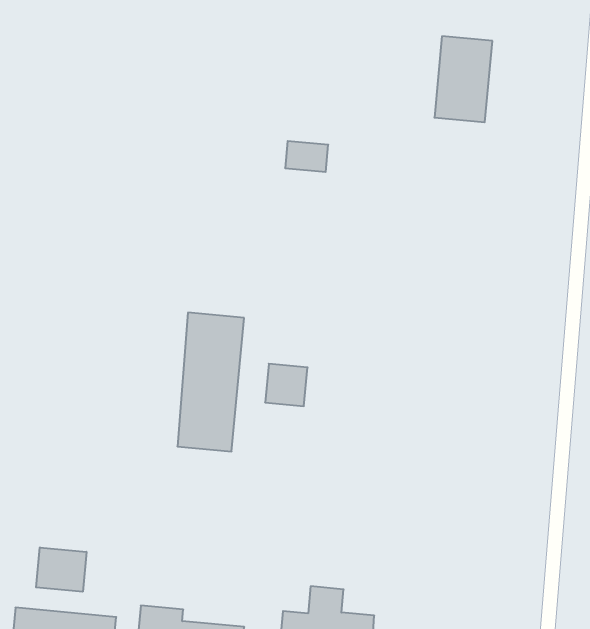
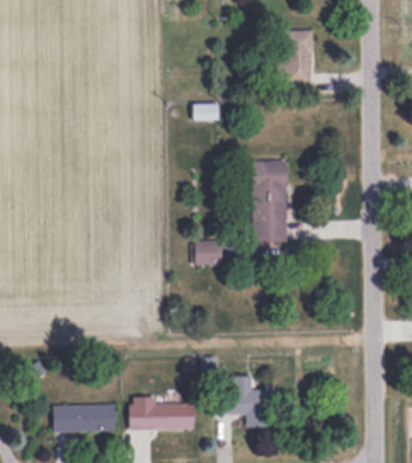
building: [177,313,244,451] -> [251,161,285,243]
building: [36,547,86,592] -> none

